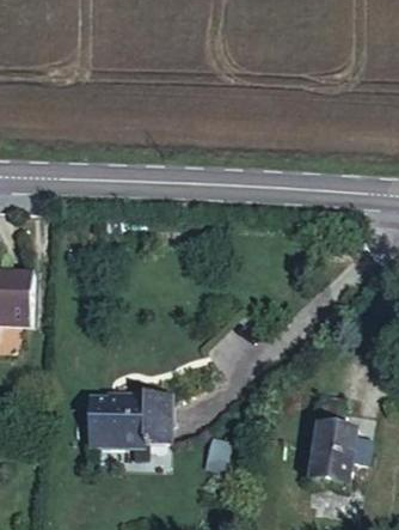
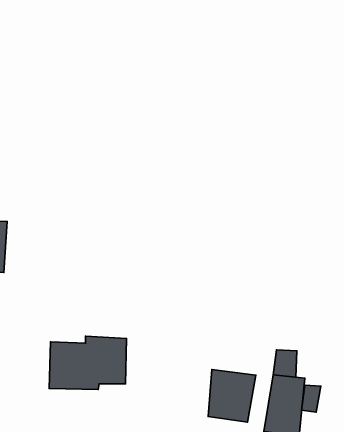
building: none -> [208,369,256,422]

